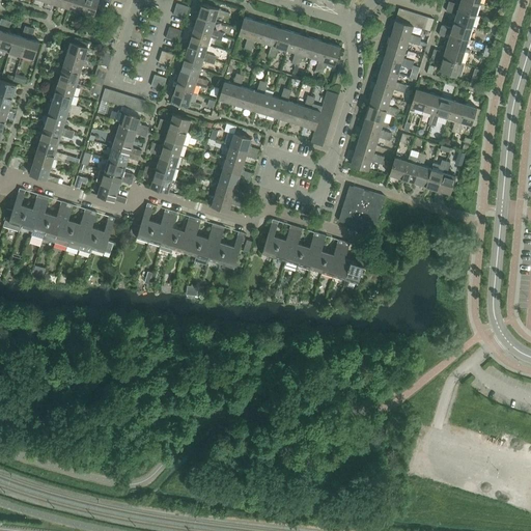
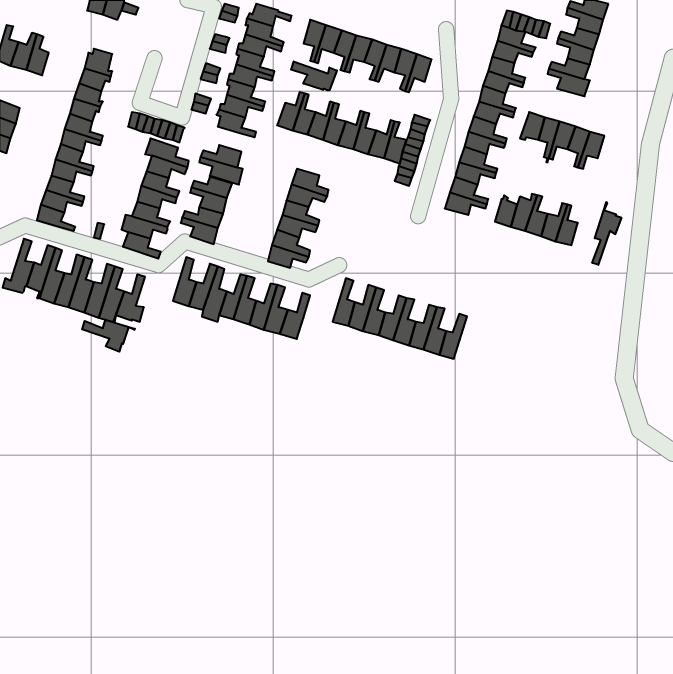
building: none -> [291,61,337,91]
building: none -> [592,202,621,265]
building: [337,185,384,230] -> none
building: none -> [82,320,135,352]

